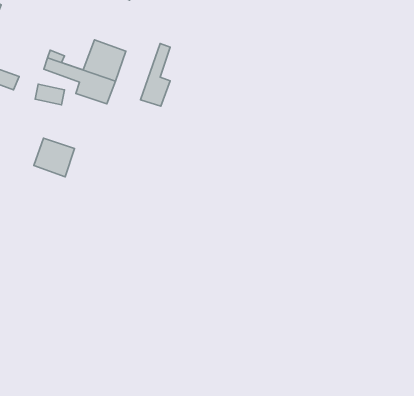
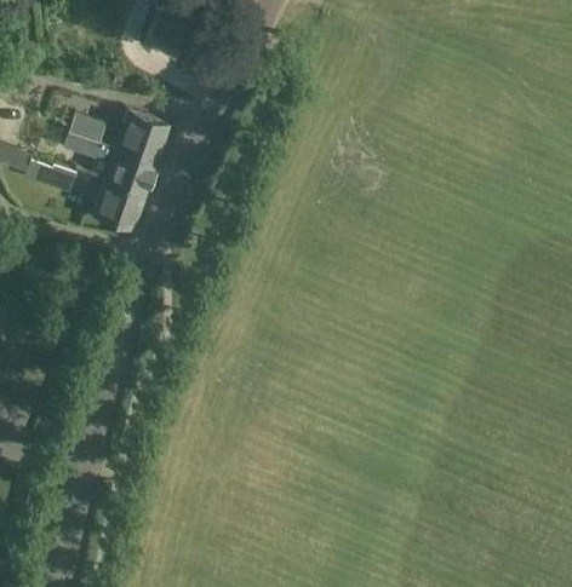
building: [141,44,170,106] -> none
building: [34,138,75,177] -> [92,177,144,226]

